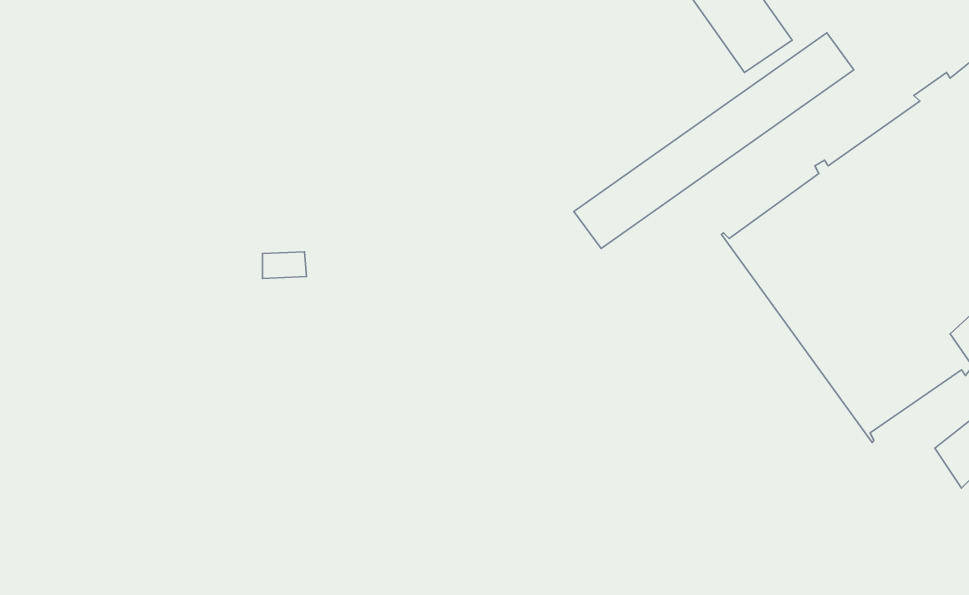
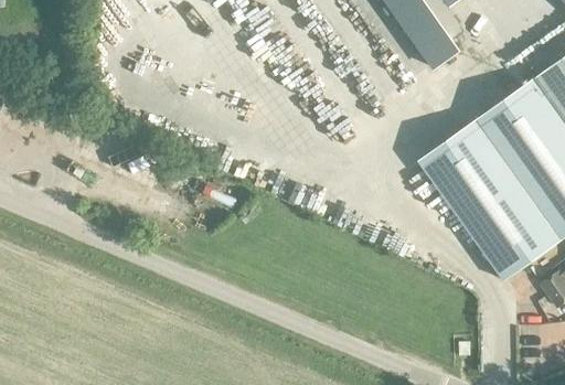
building: [574,33,854,248] -> none

